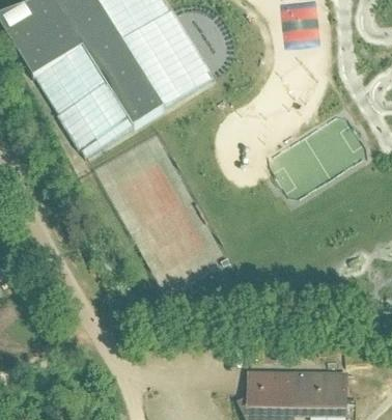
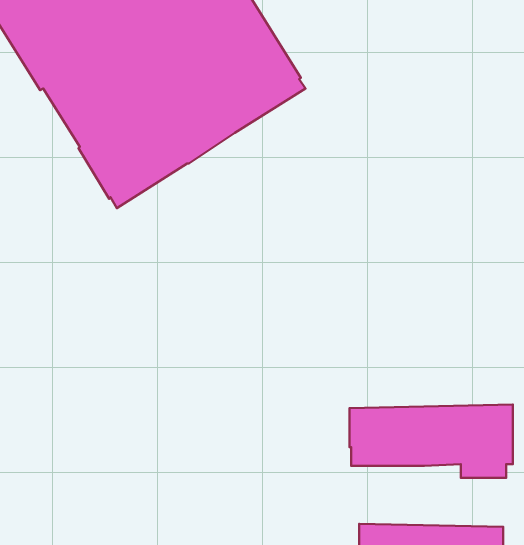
building: none -> [349,405,513,478]

